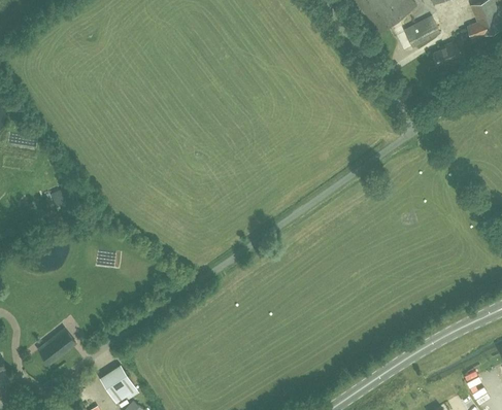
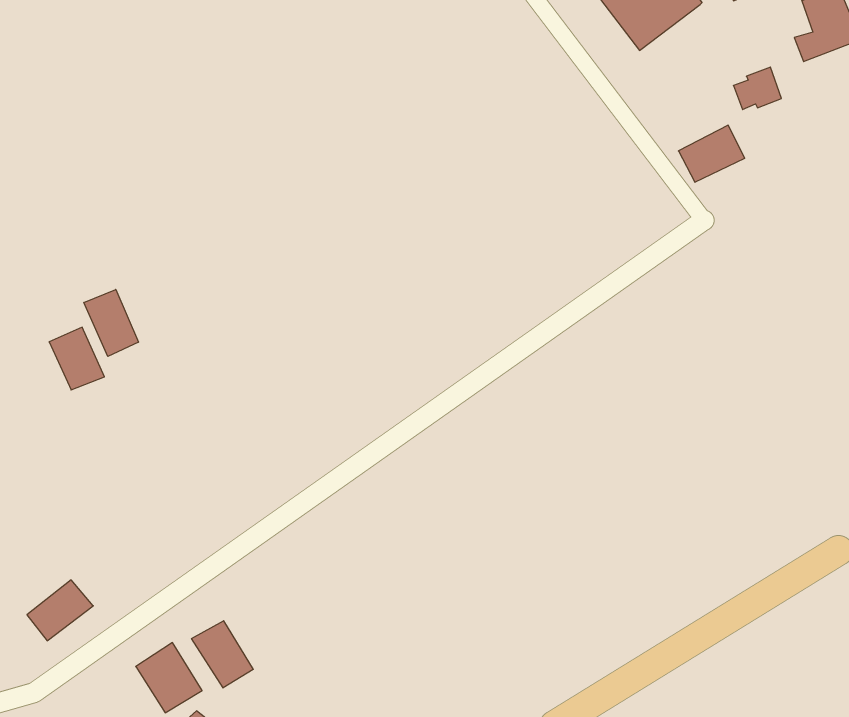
building: [403,15,440,47] -> [678,125,745,182]
building: none -> [84,289,138,356]
building: none -> [192,621,253,688]

